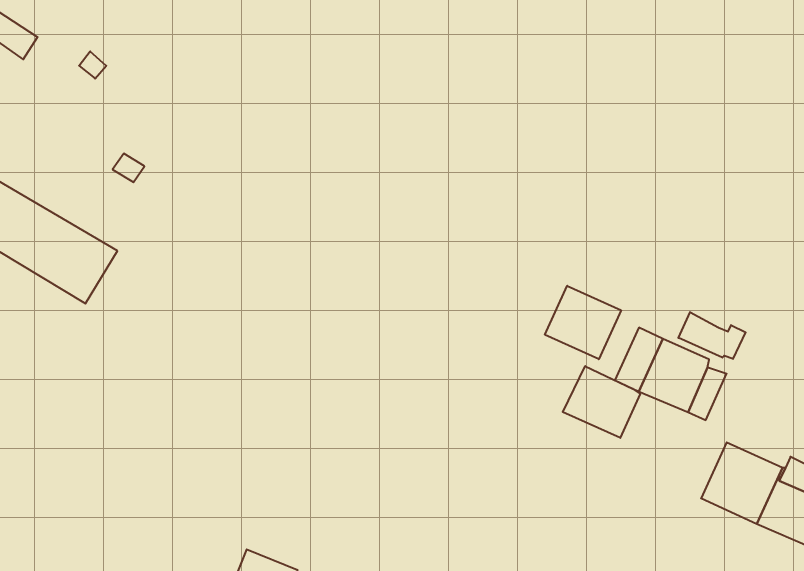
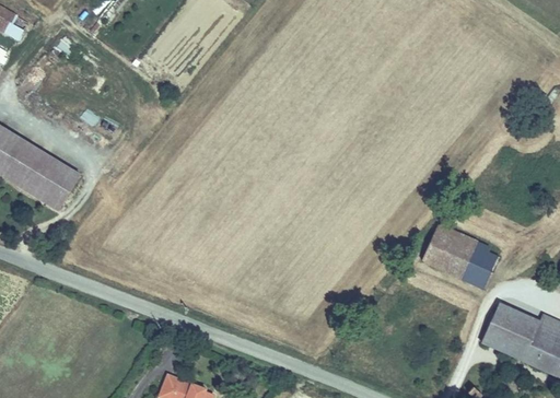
building: [545,286,621,359] -> none
building: [678,312,746,359] -> none
building: [563,366,640,438] -> none

